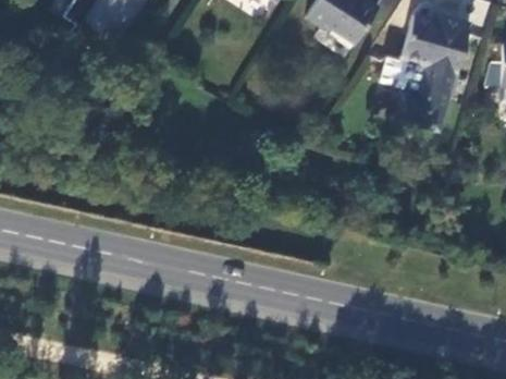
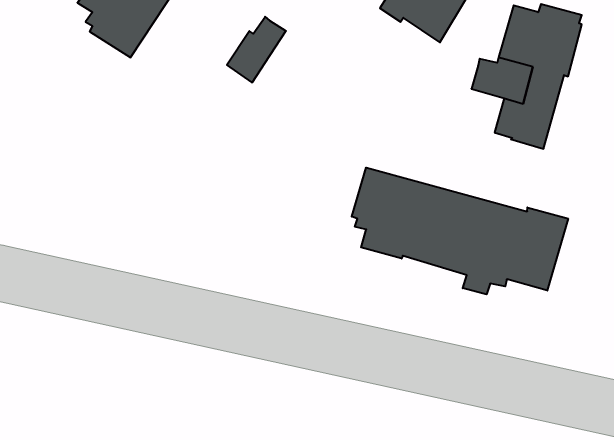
building: none -> [227,17,286,83]
building: none -> [352,168,568,294]

